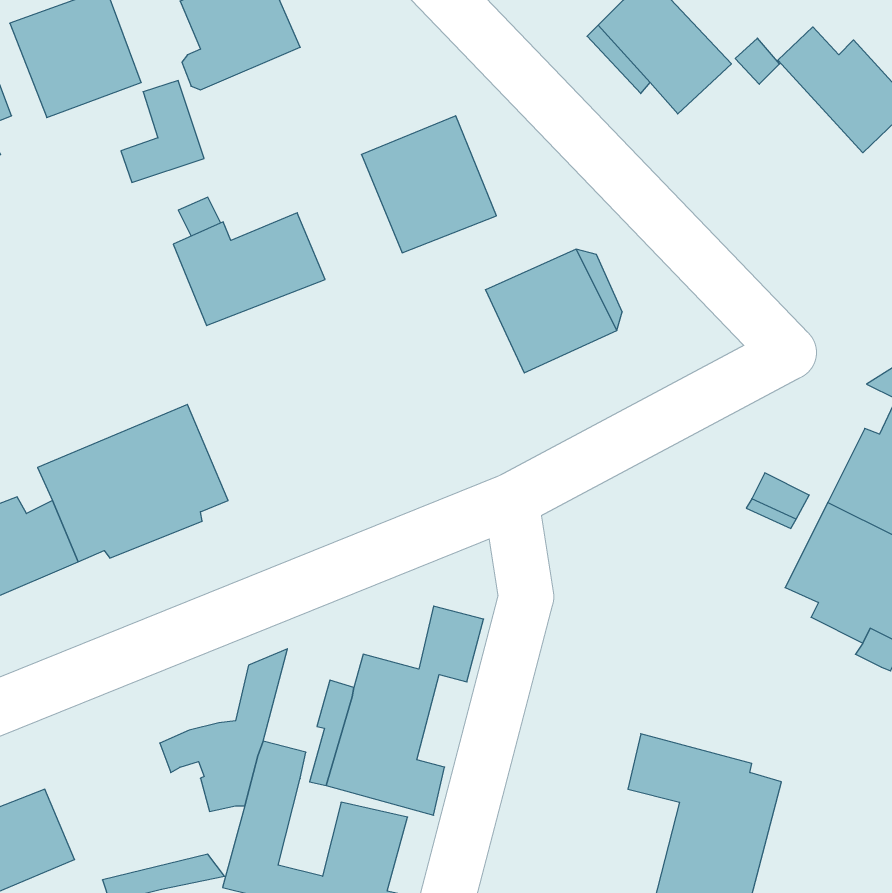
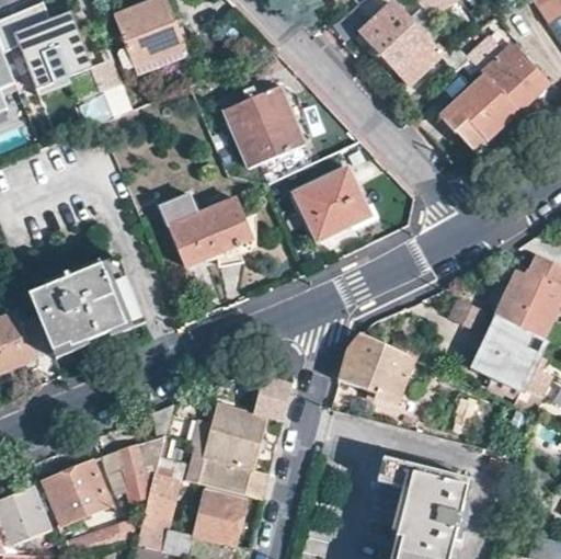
building: none -> [438,72,518,151]
building: [173,213,325,326] -> [163,197,253,264]
building: none -> [340,333,407,403]
building: none -> [46,461,112,524]

